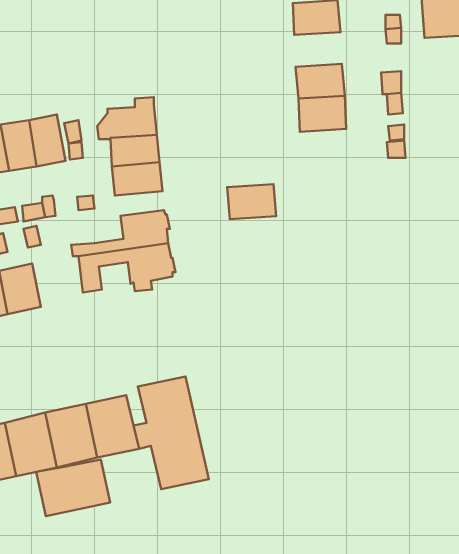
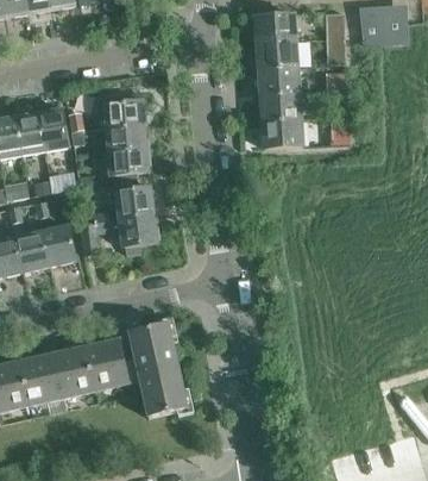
building: none -> [257,40,296,69]
building: [227,184,276,219] -> [262,120,302,149]
building: none -> [42,225,76,267]
building: [36,460,110,516] -> none

